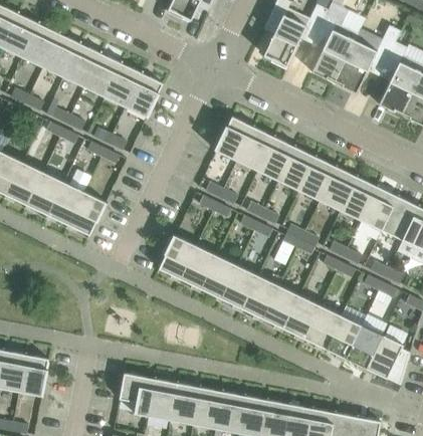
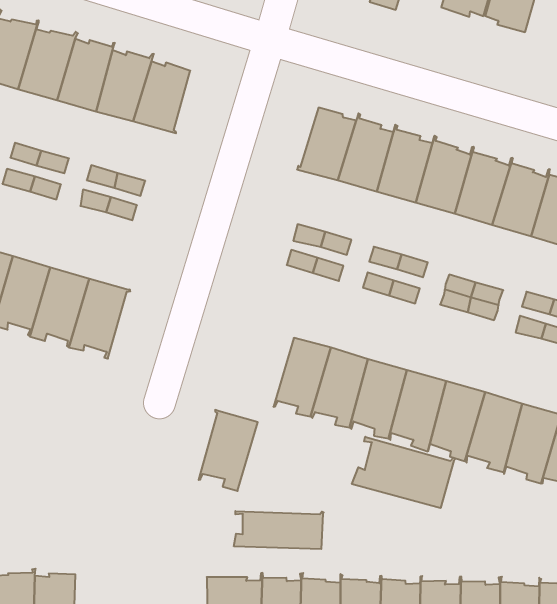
building: [157,234,196,282] -> [199,410,258,491]
building: none -> [352,437,455,508]
building: none -> [234,511,324,549]

